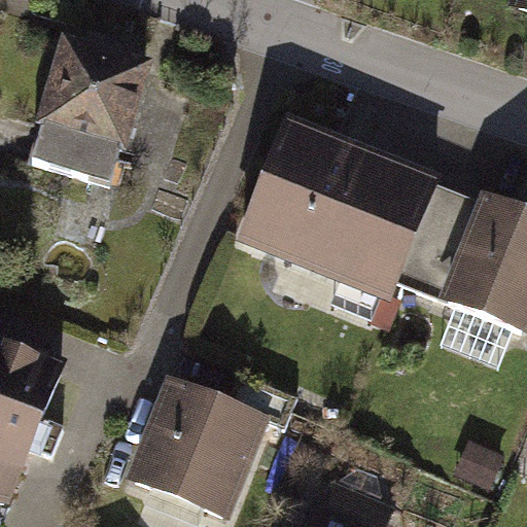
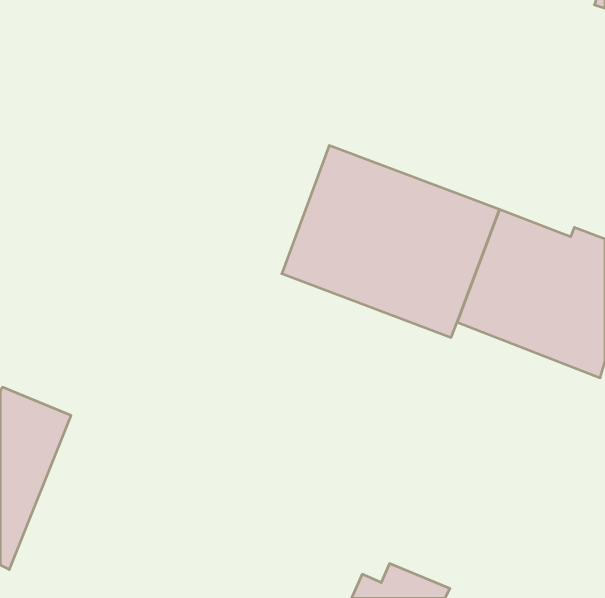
building: [33,39,145,172] -> none
building: [142,387,259,511] -> none

